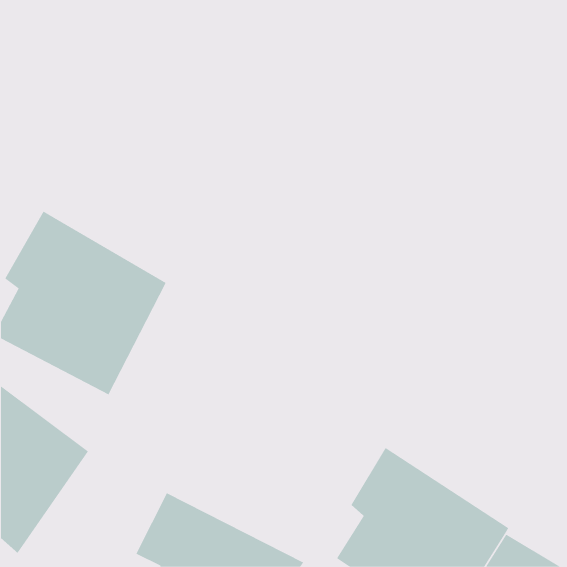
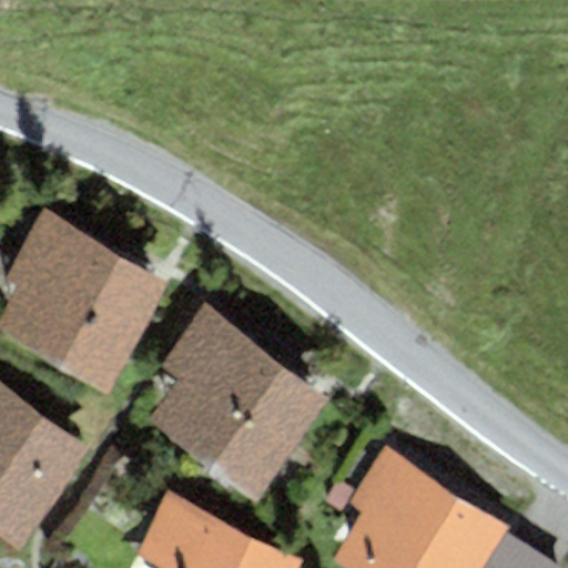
building: none -> [149,305,326,503]

